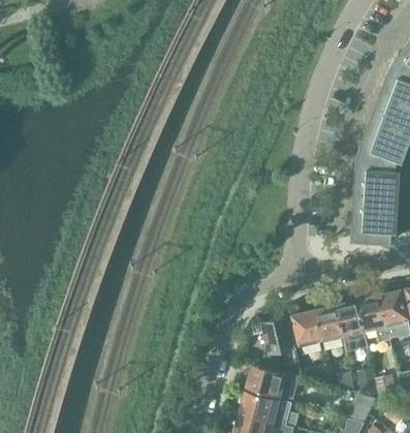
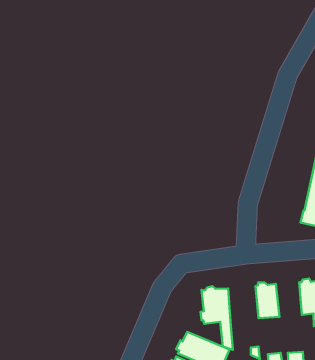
building: [335,300,365,339] -> none
building: [291,310,322,349] -> none

